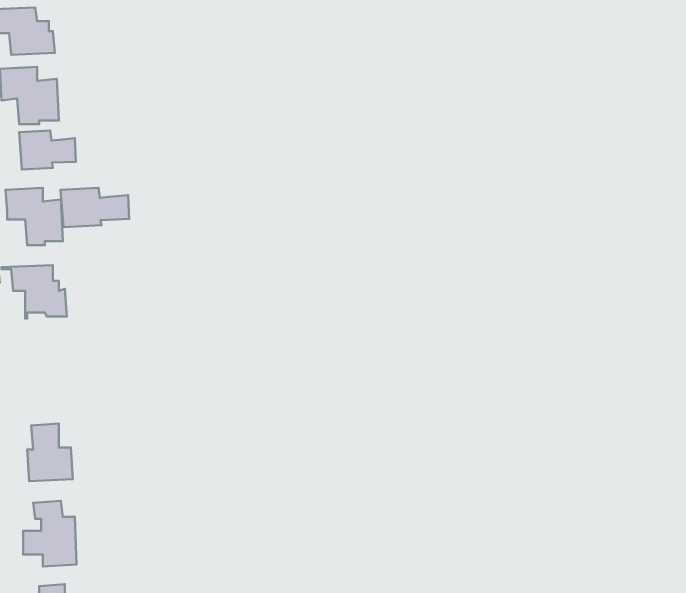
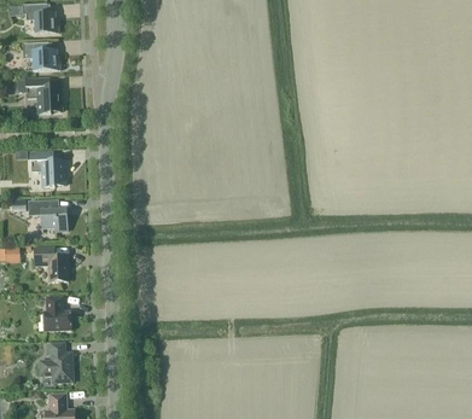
building: [19,130,76,169] -> none
building: [61,188,129,227] -> none
building: none -> [35,248,69,281]

